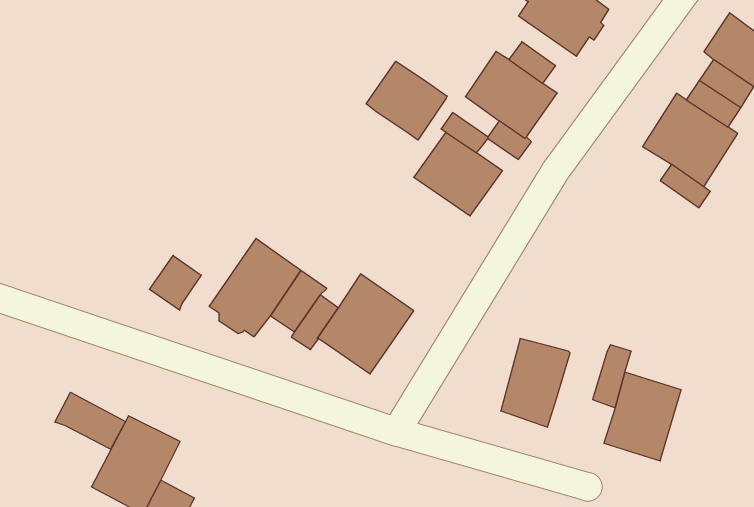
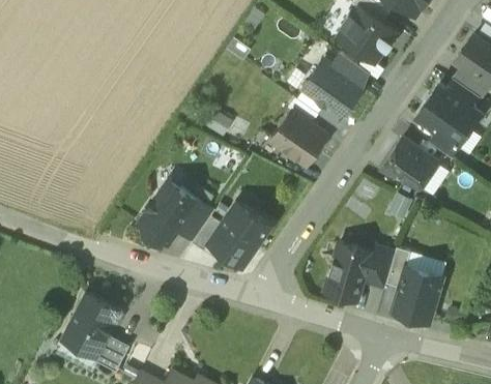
building: [366,61,447,140] -> none
building: none -> [381,138,438,187]
building: [149,255,201,310] -> none
building: none -> [363,244,395,288]
building: [55,392,126,449] -> none

